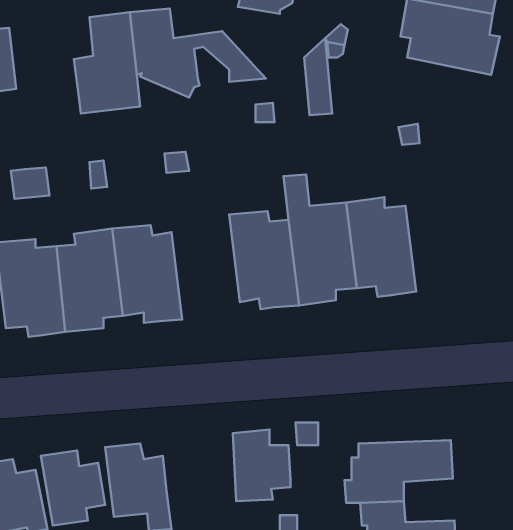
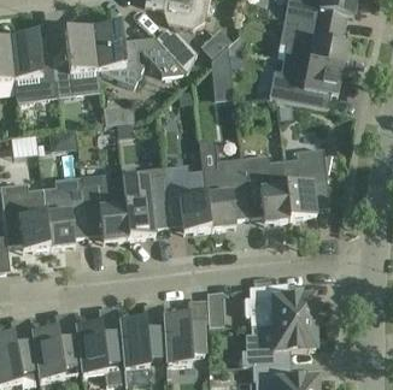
building: none -> [157,29,198,71]
building: none -> [10,32,59,102]
building: none -> [269,57,342,107]
building: none -> [283,147,332,218]
building: none -> [122,165,169,237]
building: none -> [245,282,315,323]
building: none -> [119,318,162,368]

